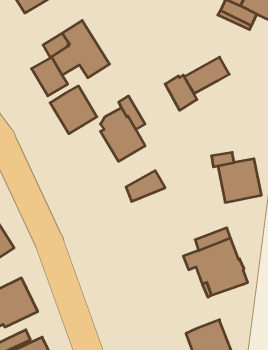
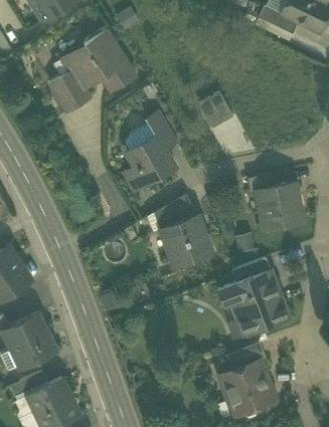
building: [184,57,229,94] -> none
building: [50,86,97,134] -> none
building: none -> [160,215,211,267]
building: none -> [225,344,266,371]

